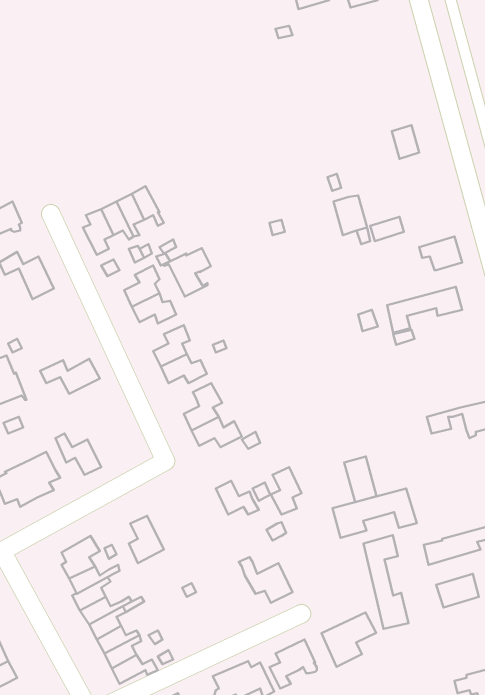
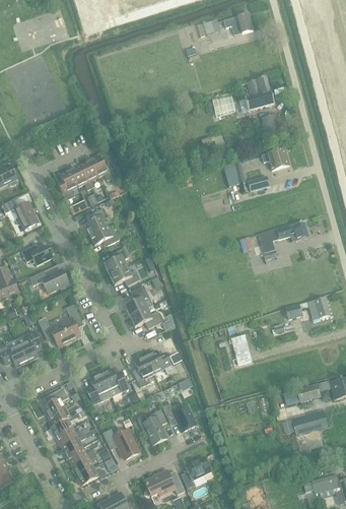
building: none -> [245,76,274,110]
building: [419,237,462,270] -> [262,146,290,169]
building: [163,248,211,296] -> none
building: none -> [20,244,53,264]
building: none -> [60,304,80,340]
building: [271,467,302,514] -> [133,355,153,386]
building: [332,488,417,538] -> none
building: none -> [99,368,128,395]
building: [363,535,409,629] -> none
building: none -> [137,408,166,444]
building: none -> [102,428,138,458]
building: [321,612,376,667] -> none

